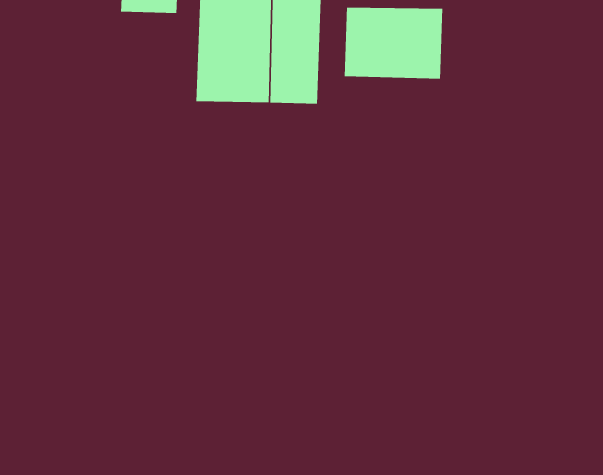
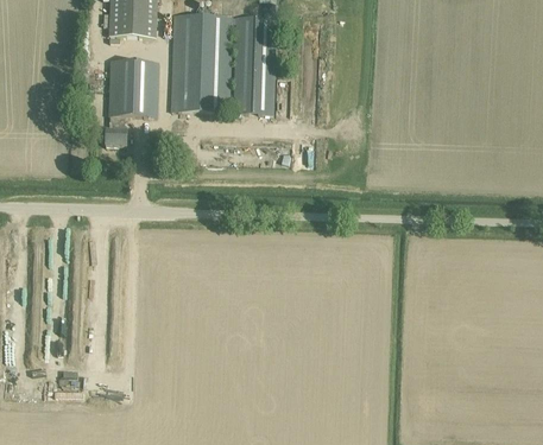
building: [344,7,443,80] -> none
building: none -> [105,58,158,145]

